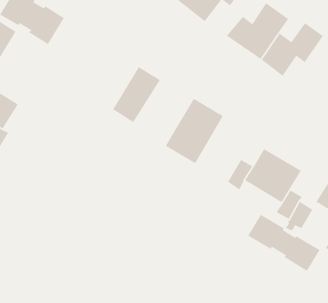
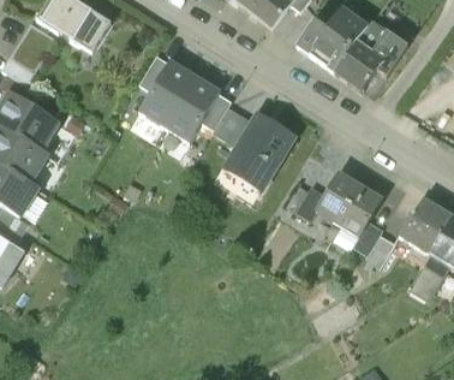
building: none -> [141,63,196,127]
building: none -> [214,107,253,147]
building: [247,214,320,272] -> none

